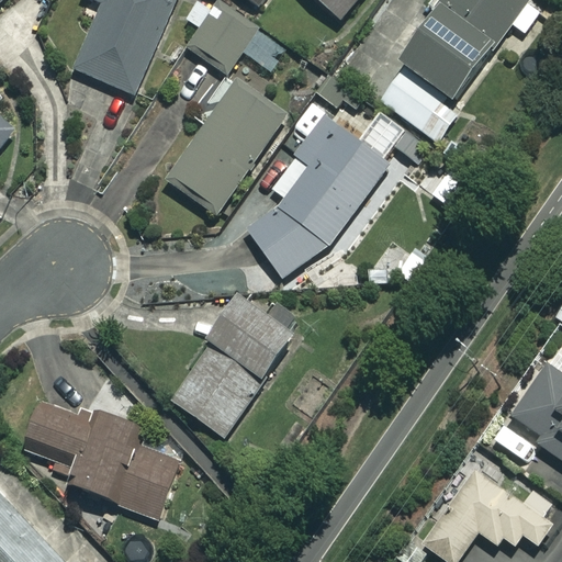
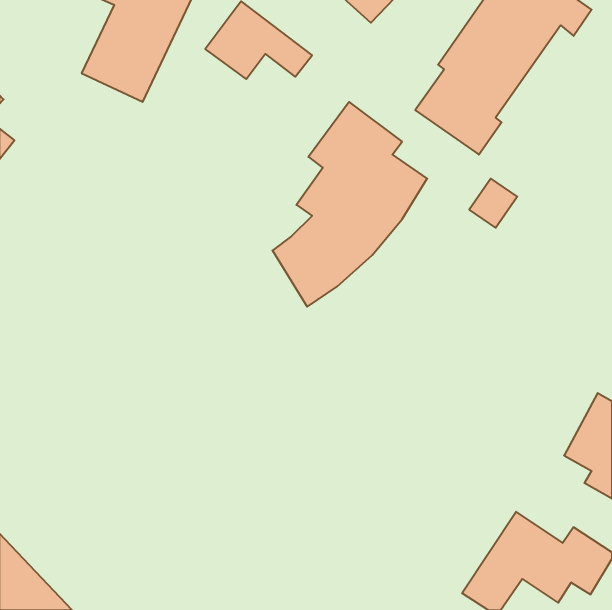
building: [168,82,283,213] -> none
building: [170,294,294,437] -> none
building: [21,401,177,518] -> none

